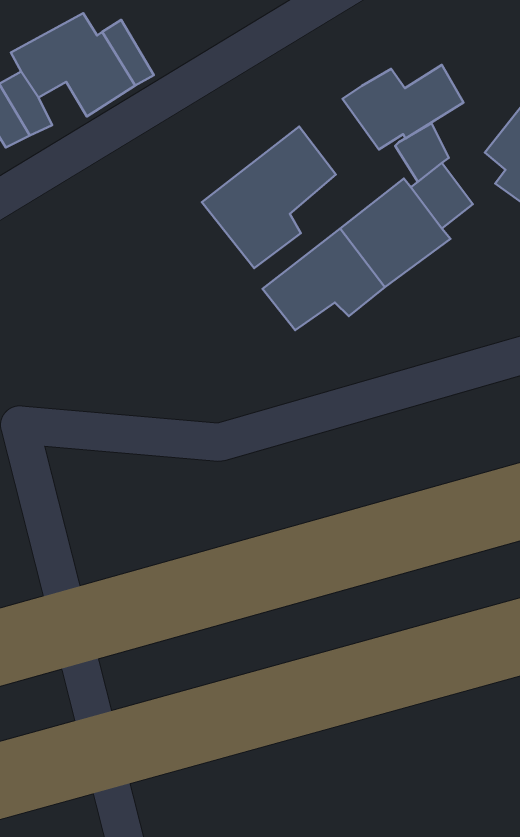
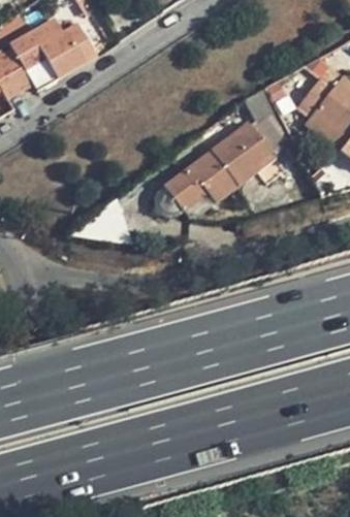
building: [342,65,464,149] -> none
building: [202,126,336,268] -> none

